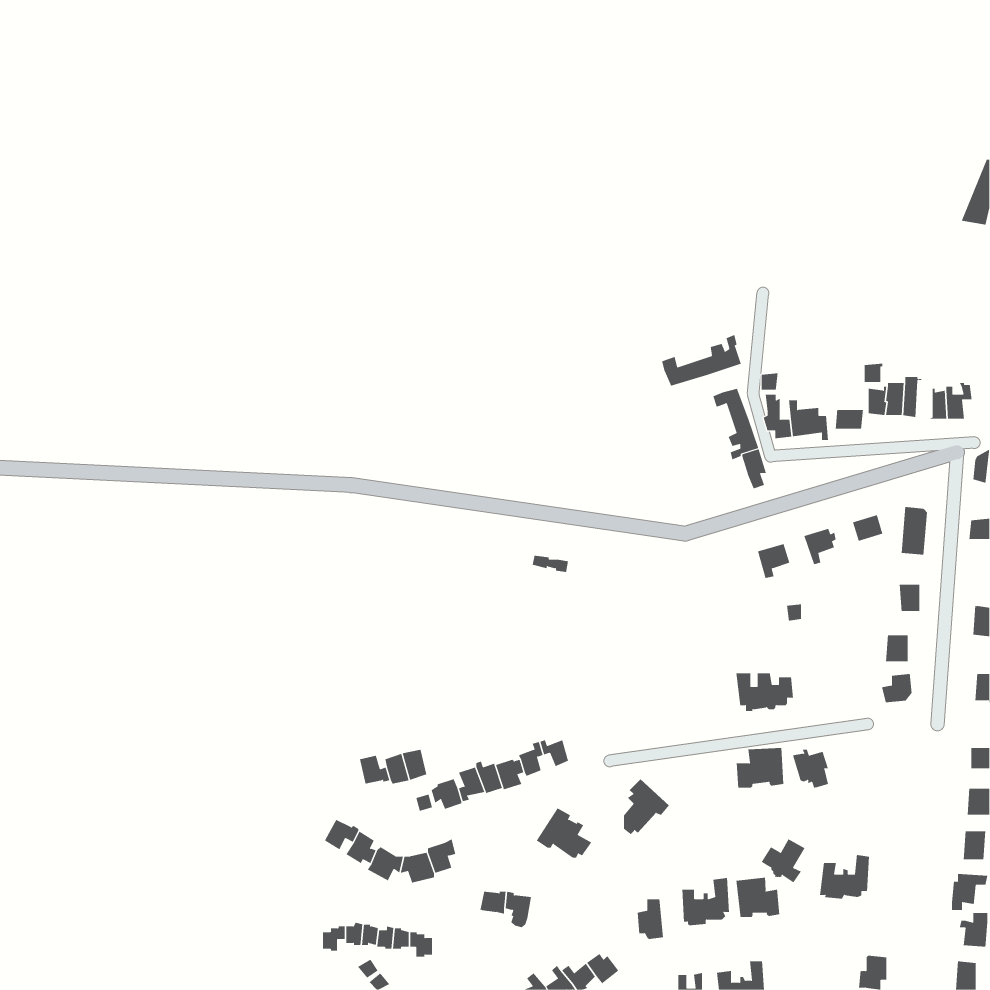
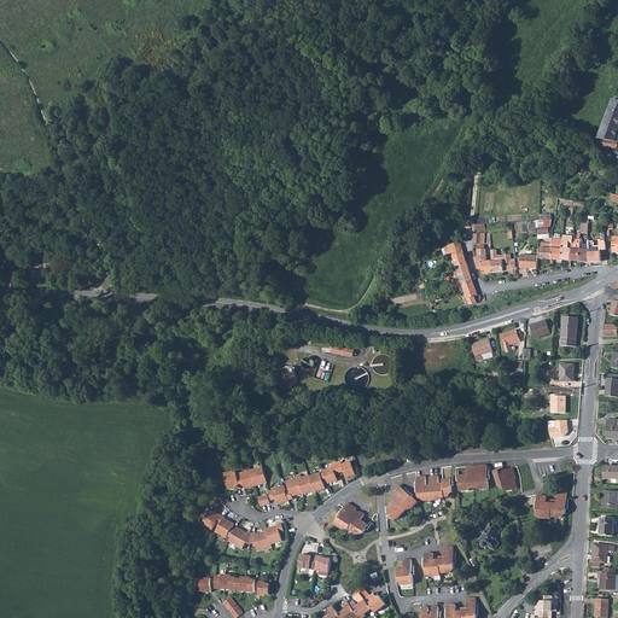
building: [661,334,742,387] -> none
building: [736,673,794,712] -> [415,476,451,500]
building: [819,855,870,899] -> [535,490,566,518]
building: [736,877,780,918] -> none

